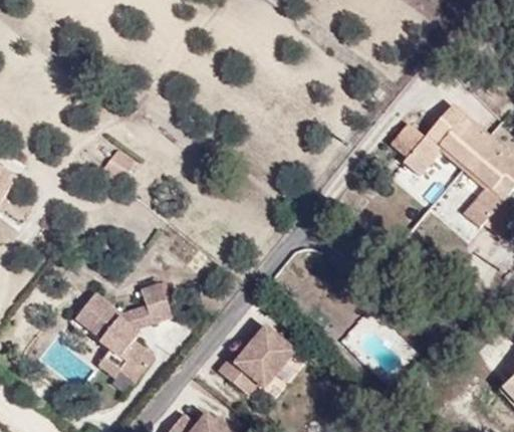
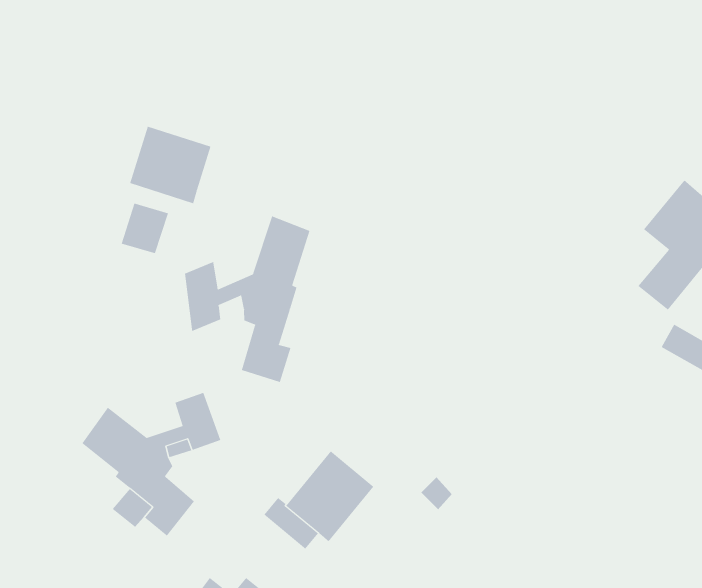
building: none -> [130,126,211,204]
building: [393,102,493,178] -> none
building: none -> [185,215,310,383]

